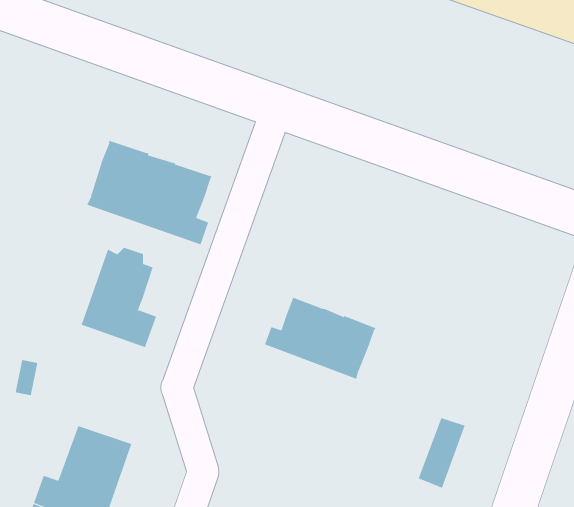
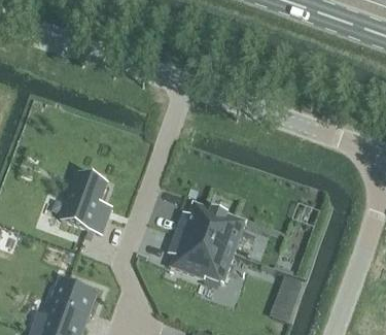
building: [87,140,213,245] -> none
building: none -> [171,231,235,282]

